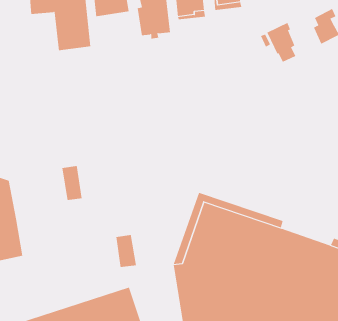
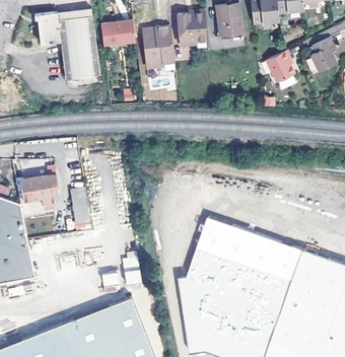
building: none -> [21,168,59,206]

